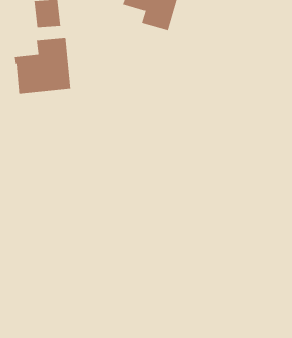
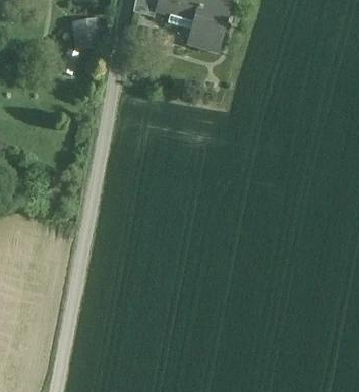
building: [14,37,71,95] -> none

